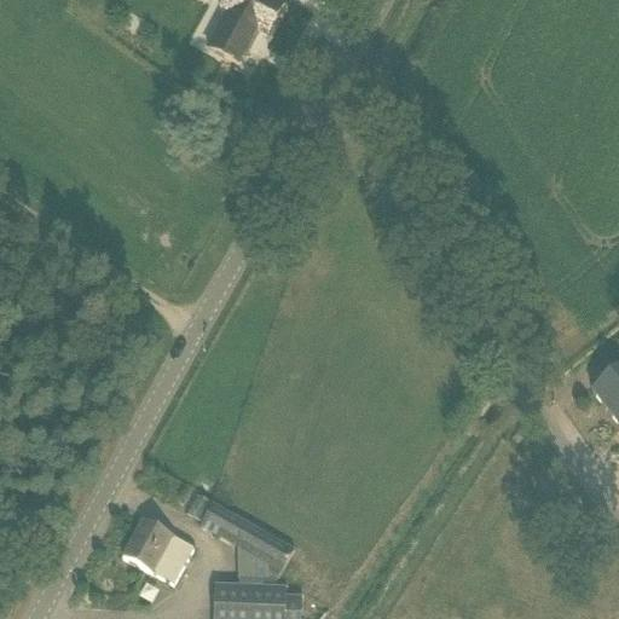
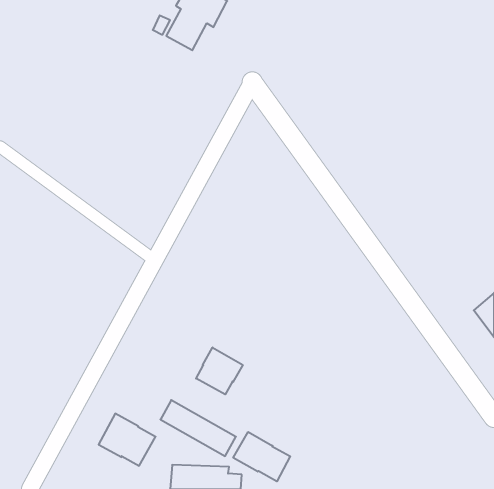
building: none -> [196,347,243,394]
building: none -> [233,432,290,481]

